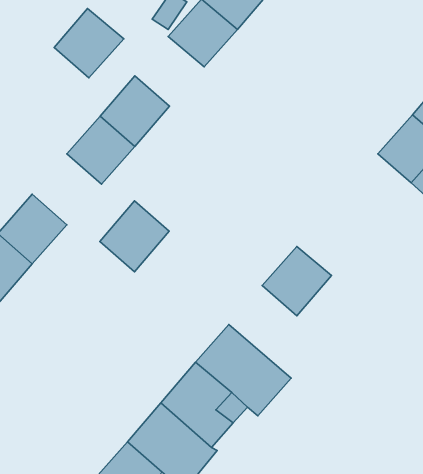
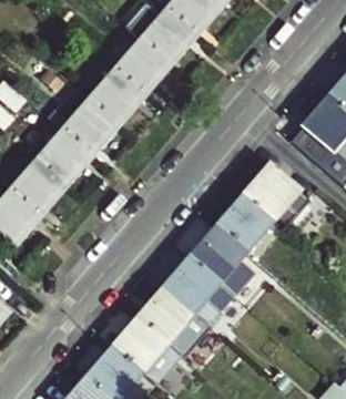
building: [54,9,124,78] -> [116,37,170,90]
building: [100,201,169,272] -> [38,126,91,181]
building: none -> [241,166,307,231]
building: none -> [189,227,255,298]

